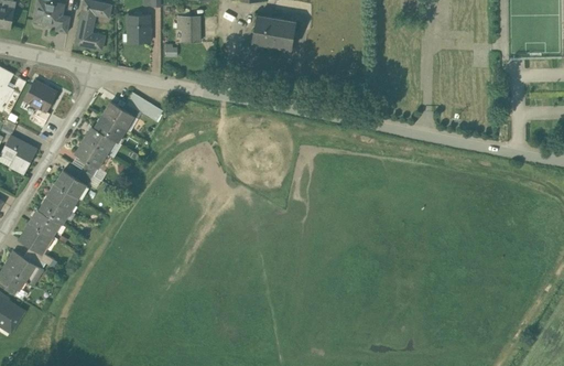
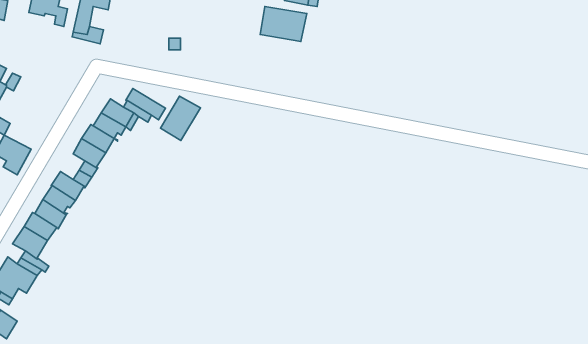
building: [128,14,150,42] -> none
building: [177,15,200,41] -> none
building: [23,76,59,110] -> none
building: none -> [160,96,200,141]

